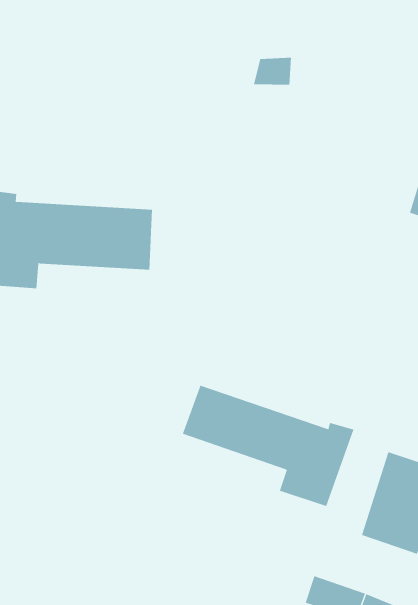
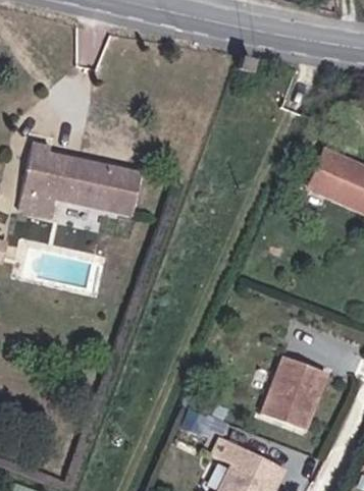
building: [182,385,354,507] -> none

